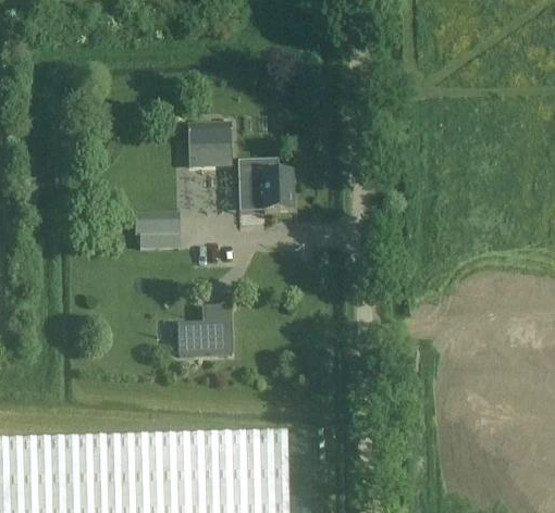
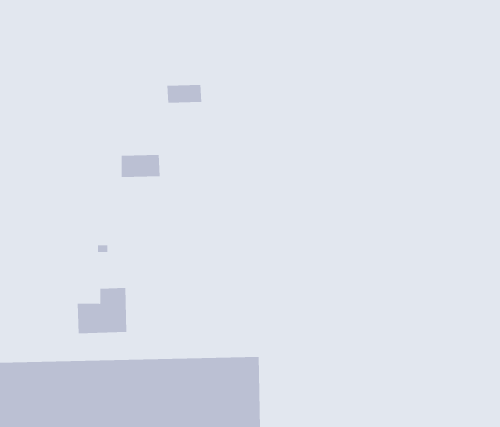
building: [237,161,293,213] -> none
building: [176,306,232,358] -> [77,287,127,334]

